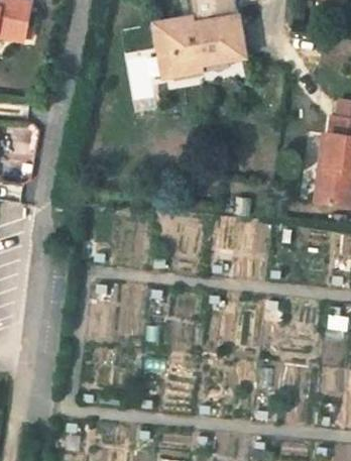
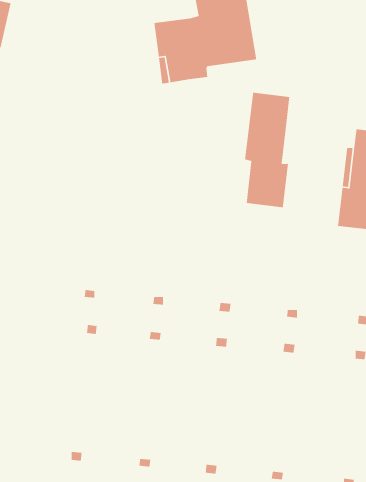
building: none -> [244,92,290,208]

